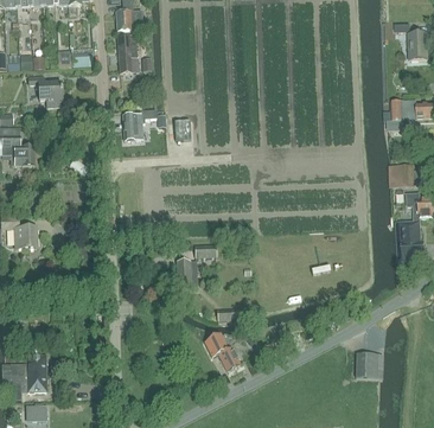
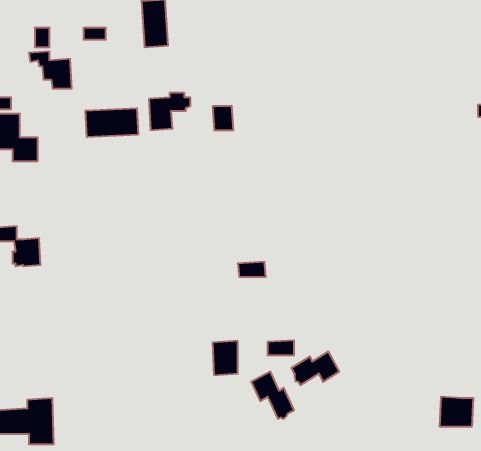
building: none -> [85,108,138,137]
building: [175,260,196,287] -> [213,341,238,375]
building: none -> [291,351,339,385]

